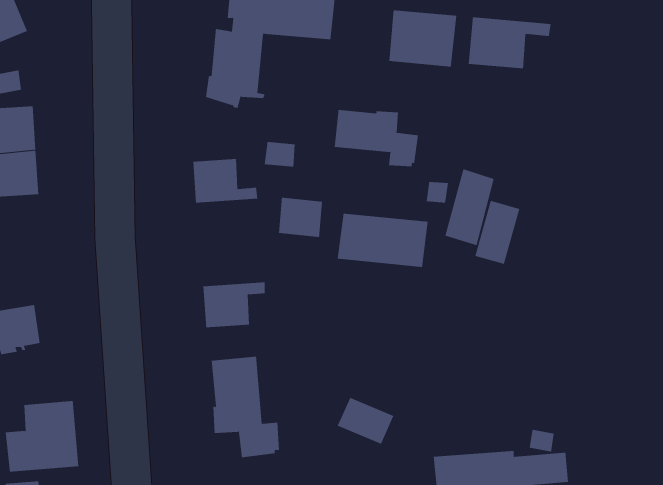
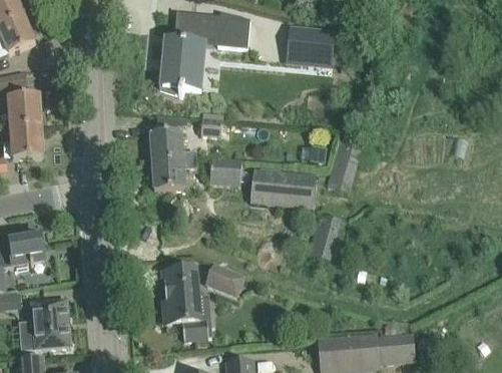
building: [468,17,551,69] -> none
building: [334,109,418,167] -> none
building: [474,200,520,265] -> [309,213,341,258]
building: [203,282,266,328] -> [152,158,196,191]
building: [337,397,394,444] -> [205,264,245,297]

